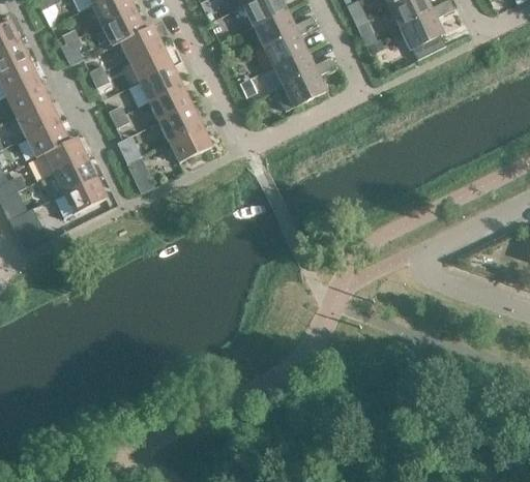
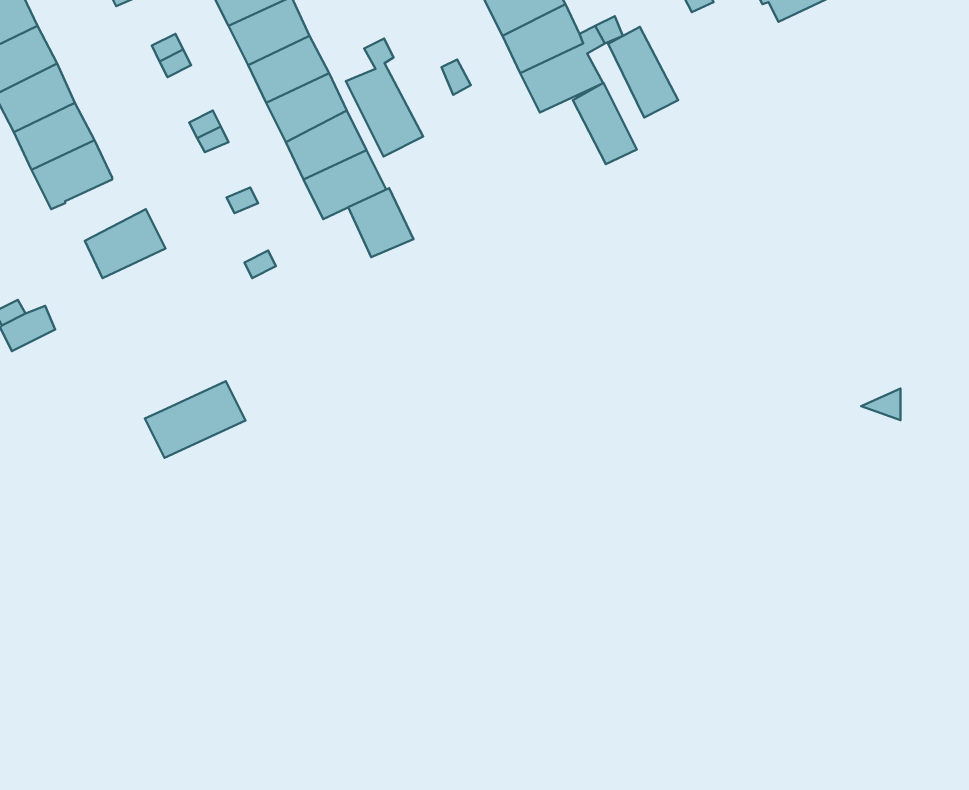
building: none -> [608,27,678,117]
building: none -> [346,39,423,157]
building: none -> [573,83,637,164]
building: [42,135,85,173] -> none
building: none -> [348,188,413,257]
building: [53,177,106,217] -> [145,381,245,458]

